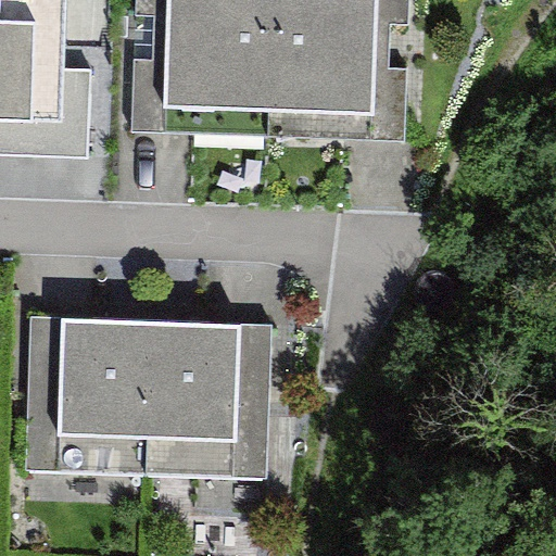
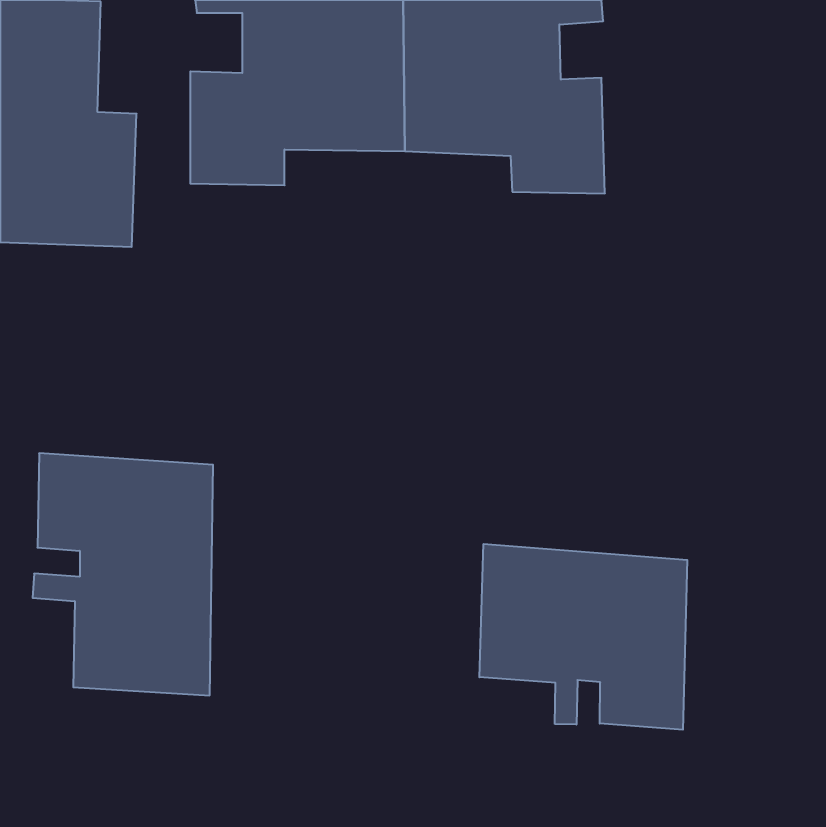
building: [143,313,268,473] -> none
building: none -> [479,544,687,730]

